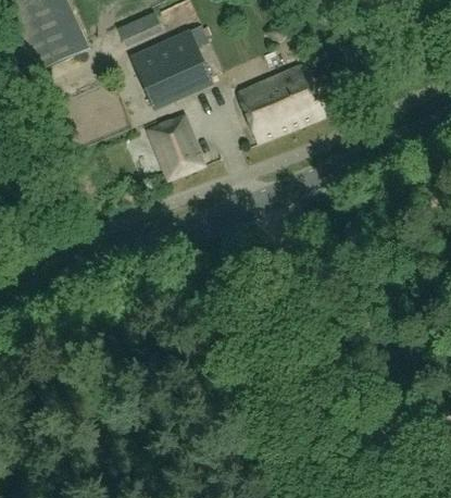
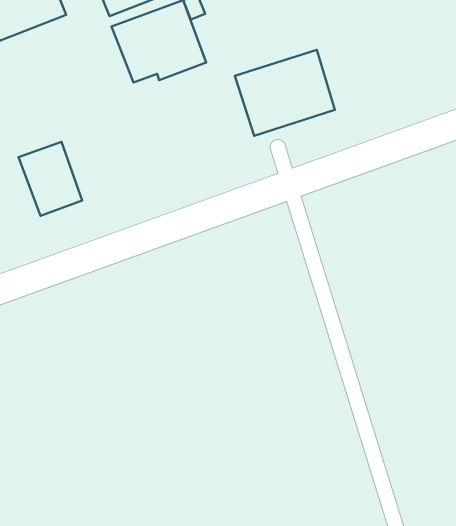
building: [148,113,204,177] -> [18,142,82,216]

